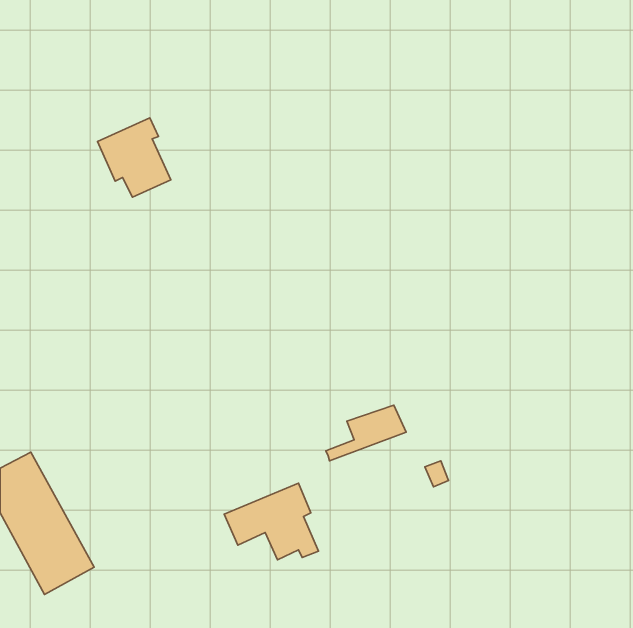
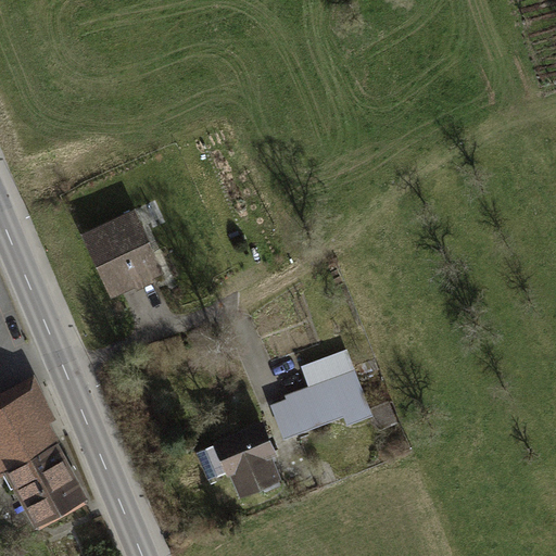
building: [98,118,171,197] -> [88,220,152,290]
building: none -> [274,383,368,438]

